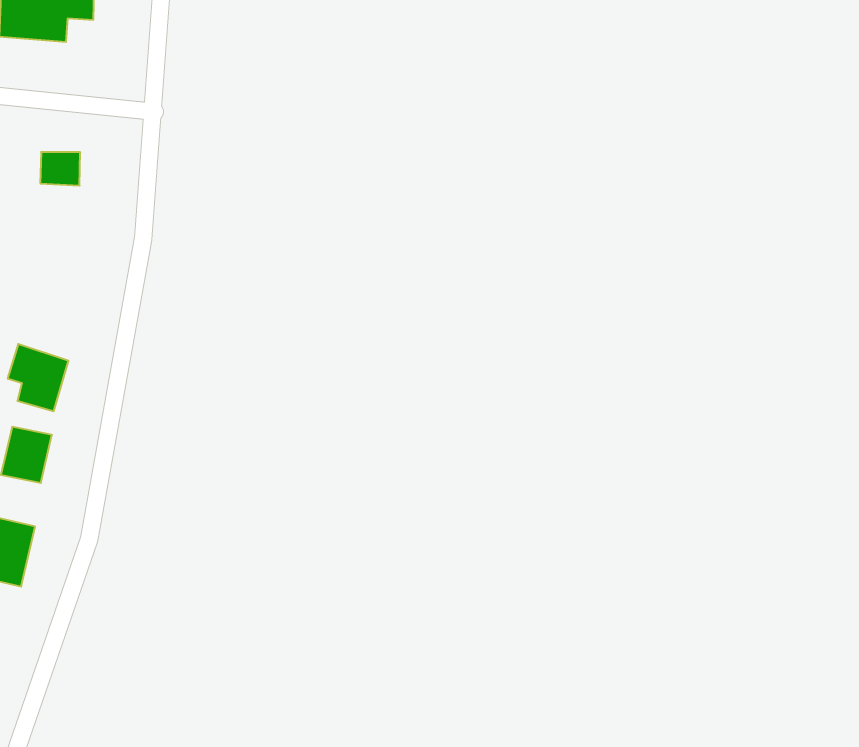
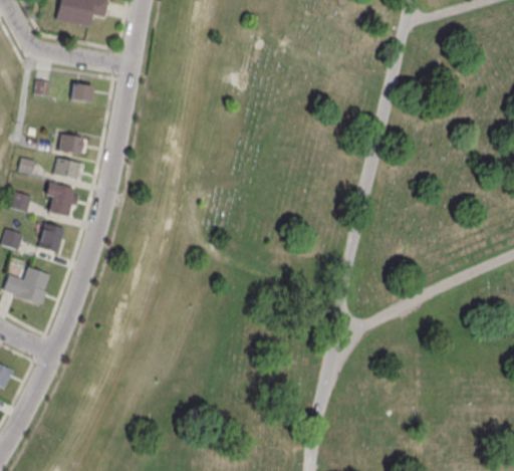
building: none -> [58,134,87,154]
building: none -> [53,158,83,179]

